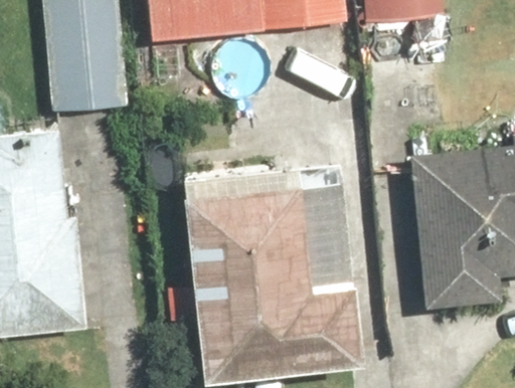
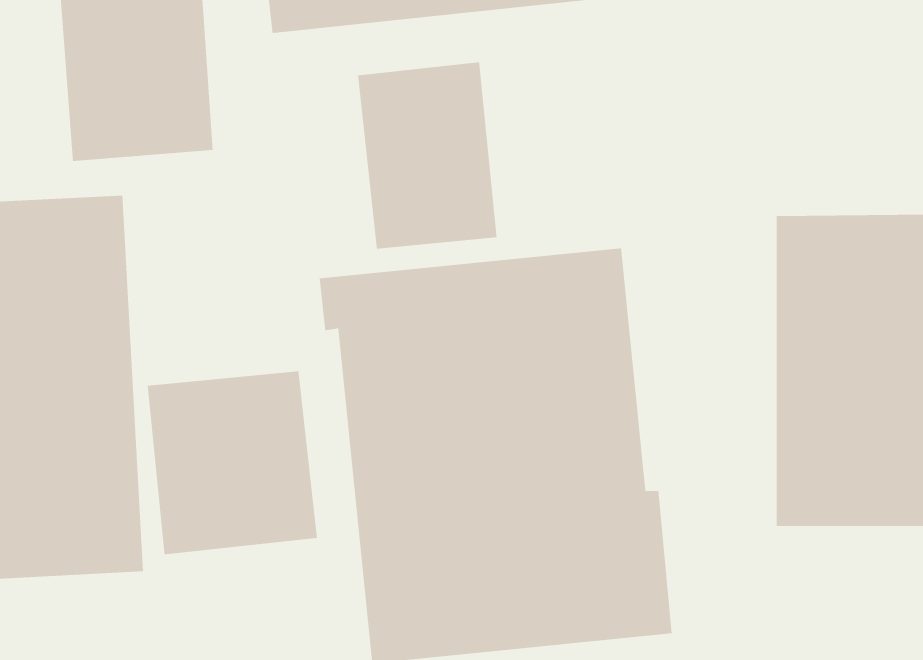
building: none -> [358,61,497,250]
building: none -> [147,370,318,555]

